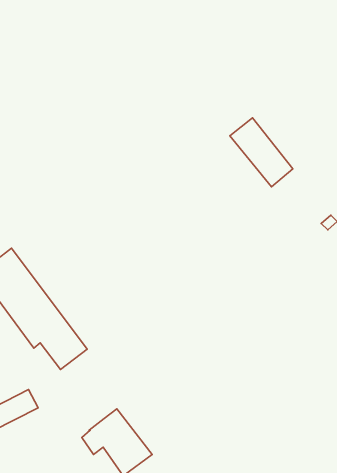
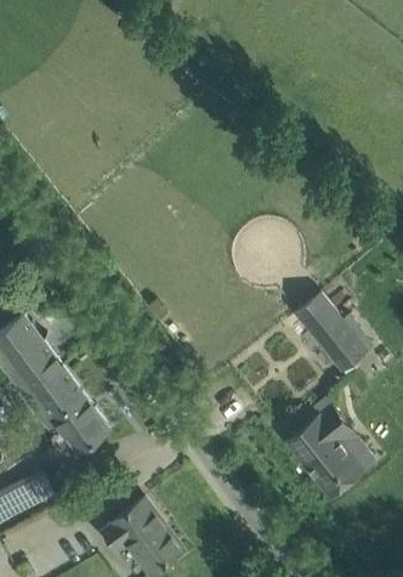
building: [230,118,293,187] -> [295,292,367,370]
building: none -> [285,406,363,496]

